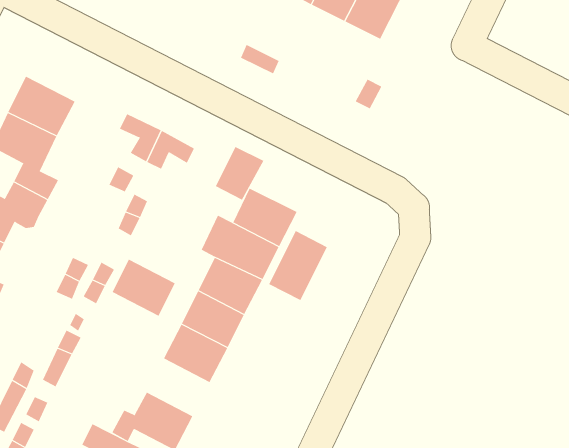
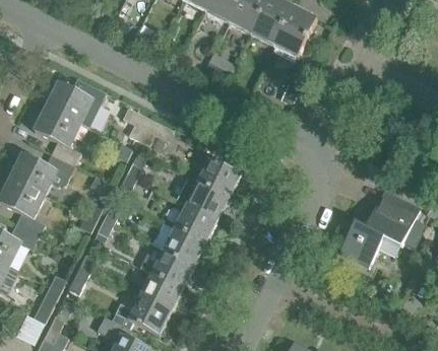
building: [215,146,264,201] -> none
building: [269,230,327,301] -> none
building: none -> [338,191,419,265]
building: [112,259,175,316] -> [140,271,183,309]

